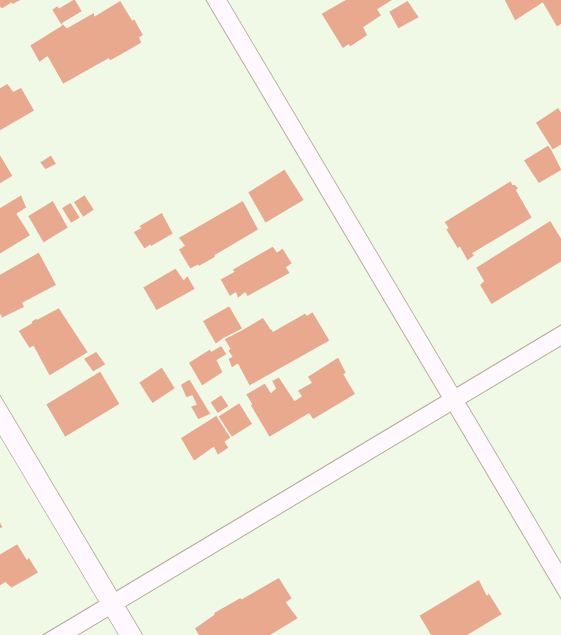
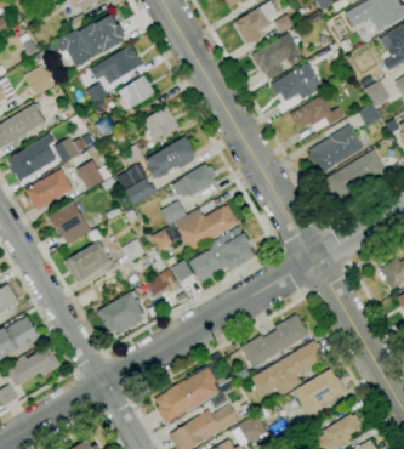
building: none -> [251,33,302,80]
building: none -> [90,45,142,84]
building: none -> [271,63,322,103]
building: none -> [118,75,155,109]
building: none -> [289,96,343,132]
building: [247,168,305,224] -> [143,107,178,141]
building: none -> [76,160,112,189]
building: none -> [97,291,143,335]
building: none -> [239,314,306,368]
building: none -> [250,340,324,397]

